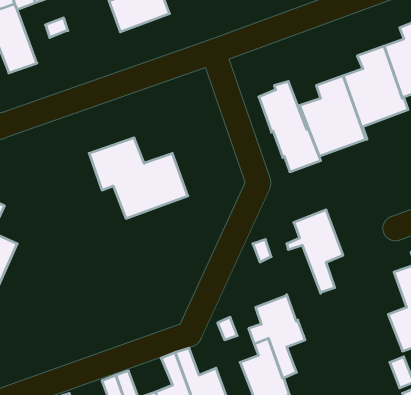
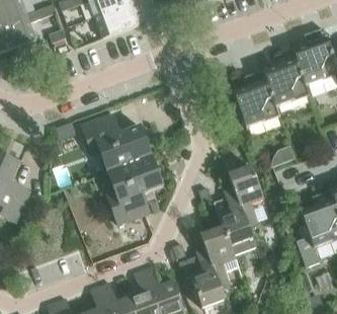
building: [259,81,321,172] -> [213,191,257,256]
building: none -> [107,156,163,225]

